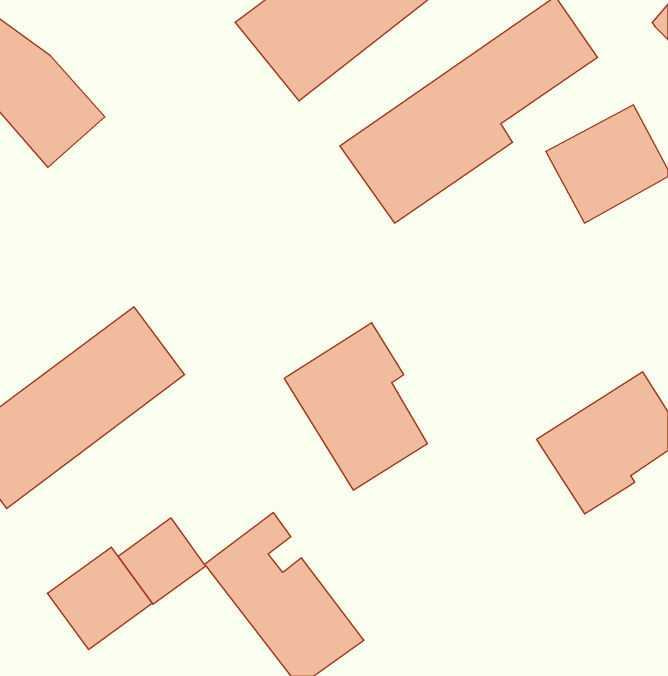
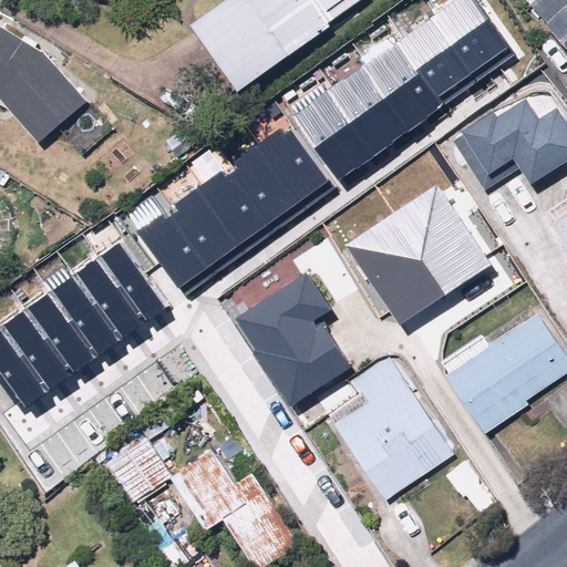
building: none -> [128,136,322,302]
building: none -> [347,188,481,321]
building: none -> [323,359,442,504]
building: [47,547,152,650] -> none

